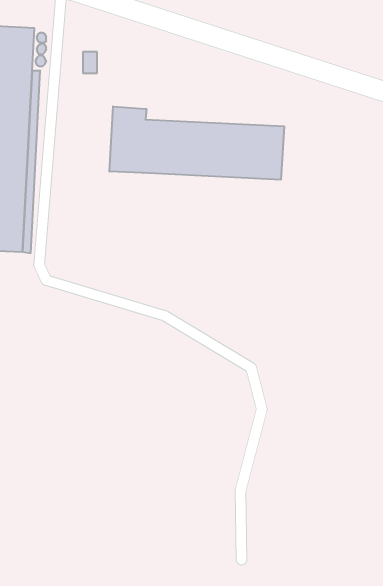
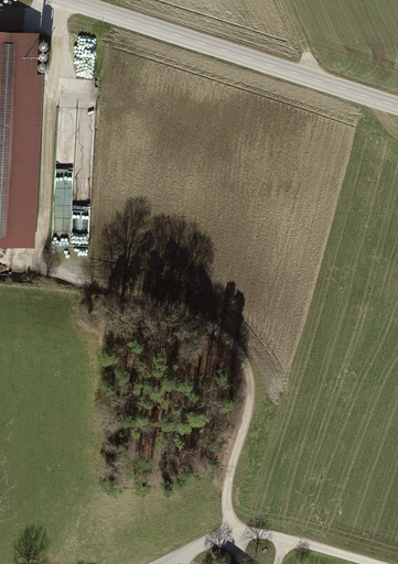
building: [110,106,284,180] -> none

